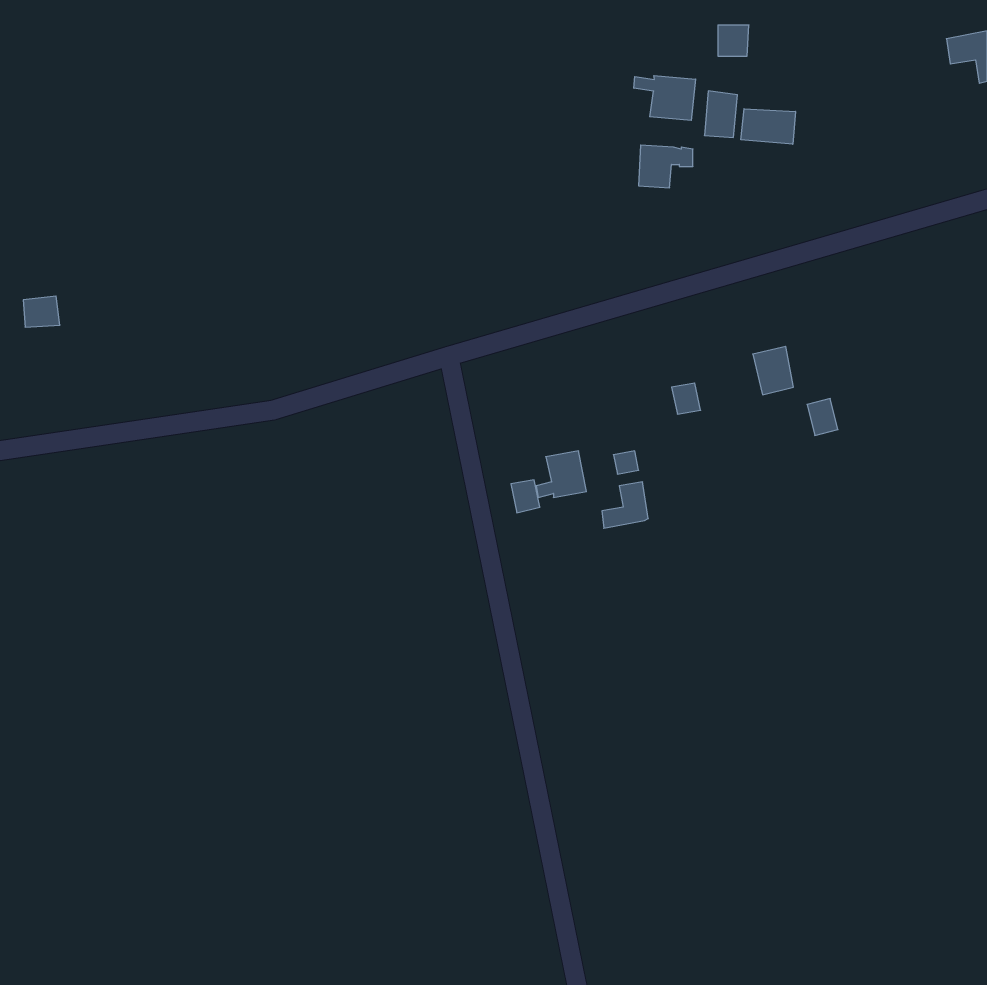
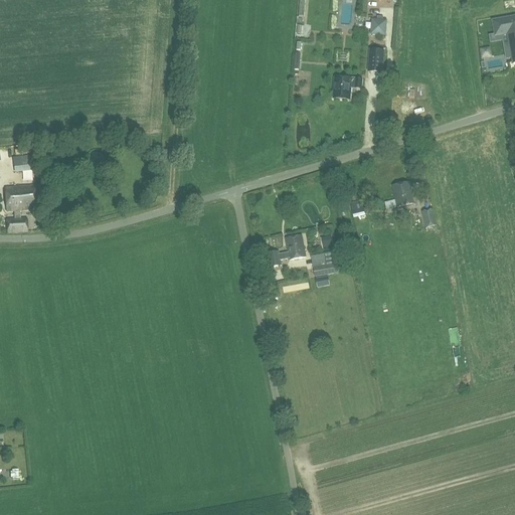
building: [634,76,696,120] -> none
building: [741,109,795,144] -> none
building: none -> [4,184,34,232]

